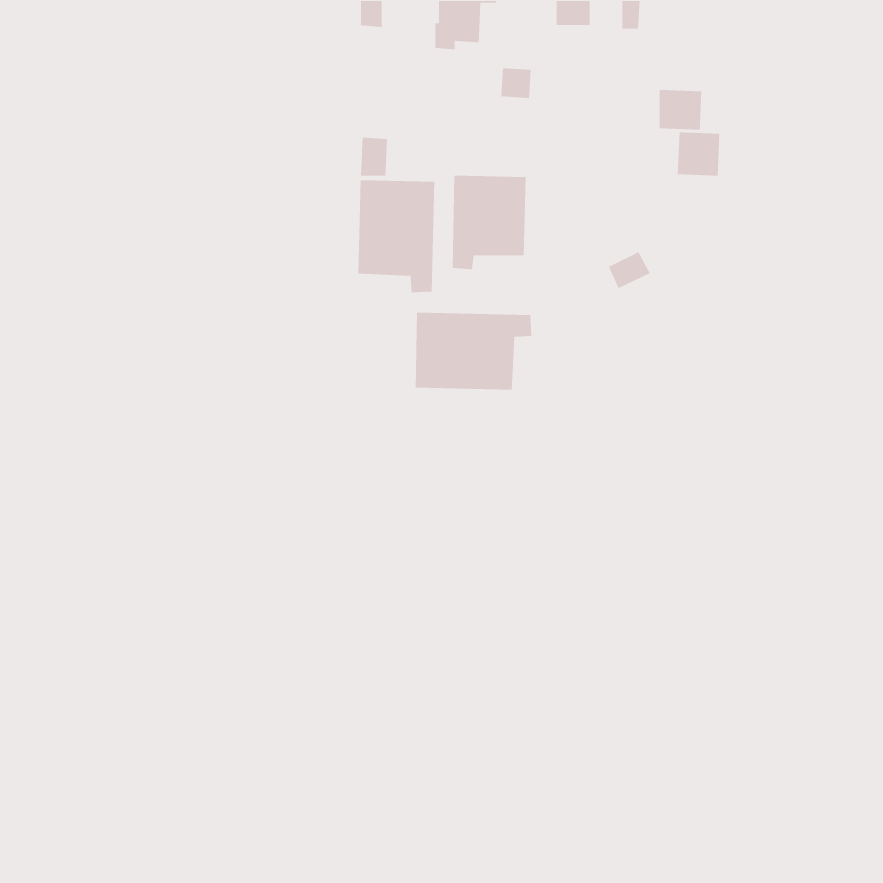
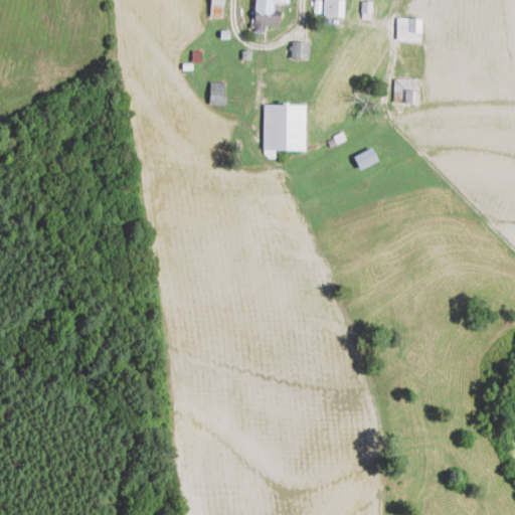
building: [659,89,702,131] -> [397,17,422,41]
building: [358,180,435,293] -> none
building: [415,312,532,390] -> none

